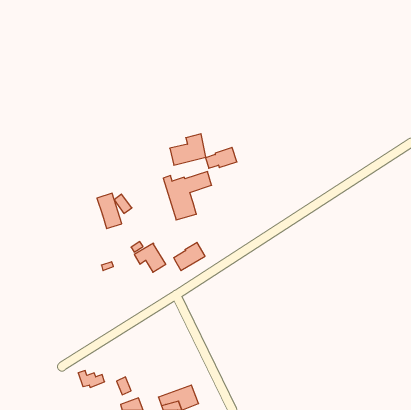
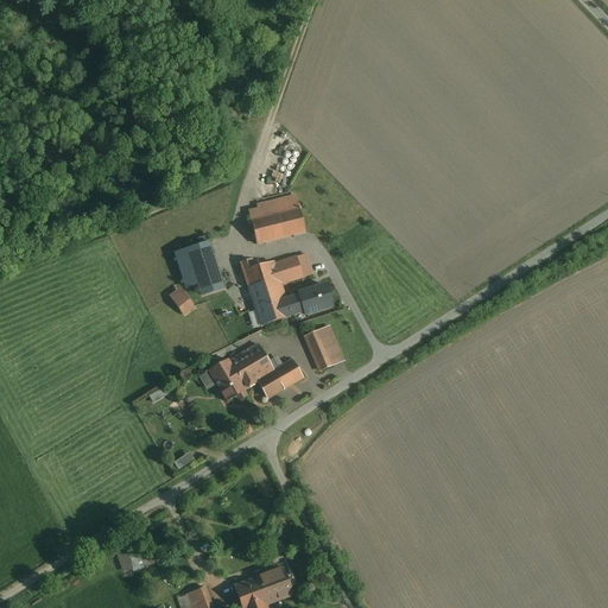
building: [206,147,237,168] -> [285,284,331,315]
building: [97,193,122,229] -> [186,241,223,293]
building: none -> [305,328,341,369]
building: none -> [227,342,274,390]

